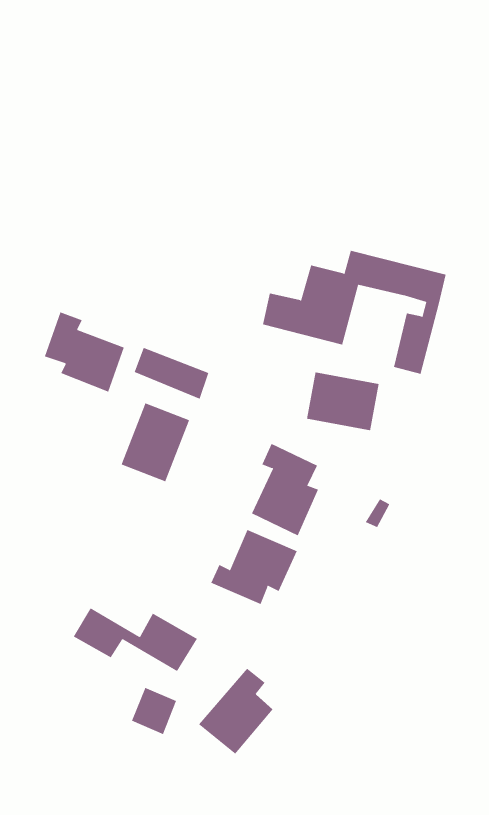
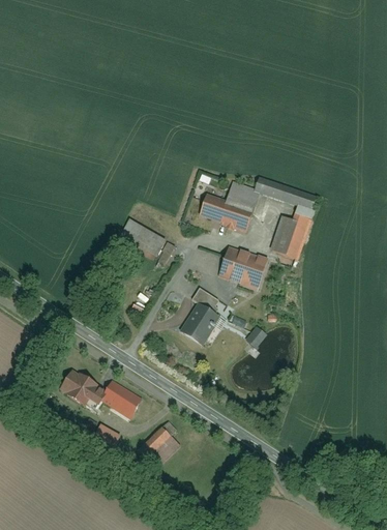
building: [44,311,125,392] -> none
building: [121,403,190,482] -> none
building: [210,529,298,605] -> none

